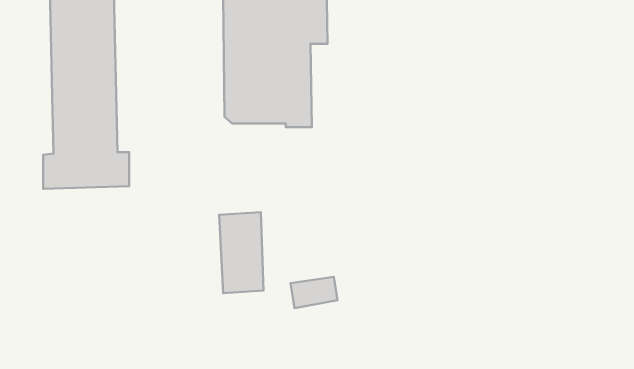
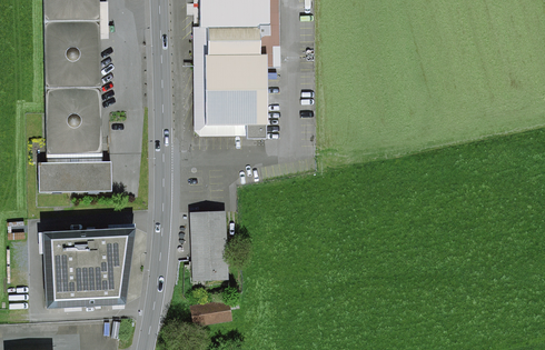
building: none -> [42,226,132,307]
building: [291,277,338,308] -> [191,299,231,326]

